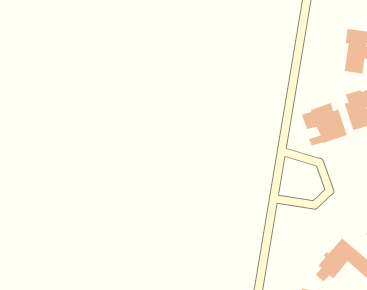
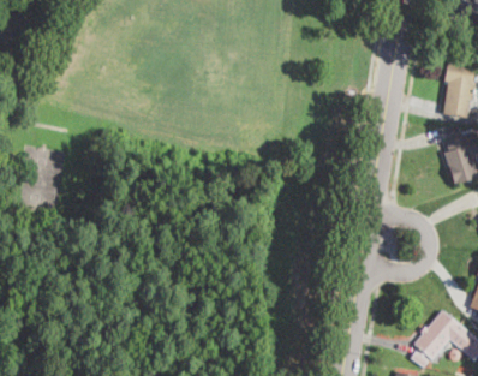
building: [301,102,347,146] -> none

